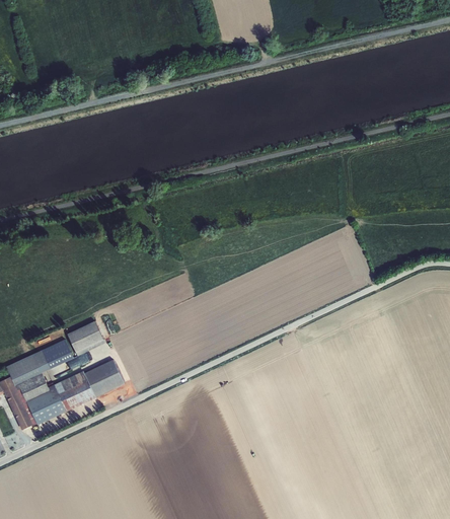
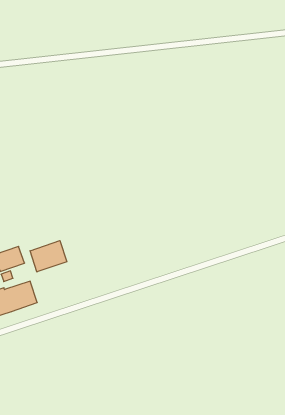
building: none -> [30,241,67,272]

